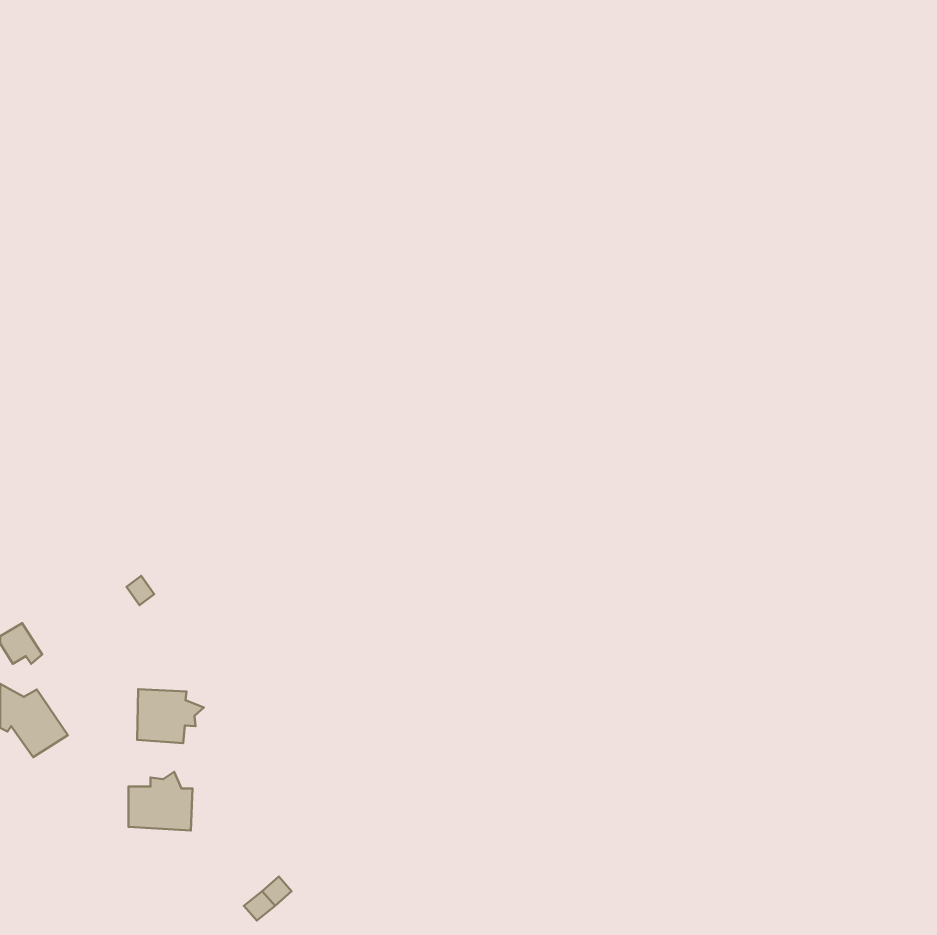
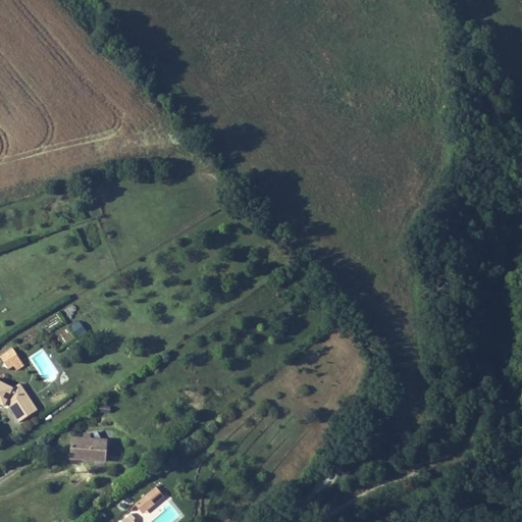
building: [137,689,204,743] -> none

